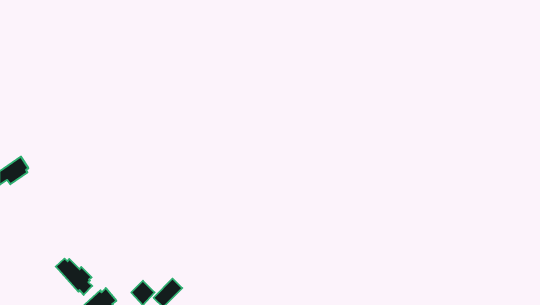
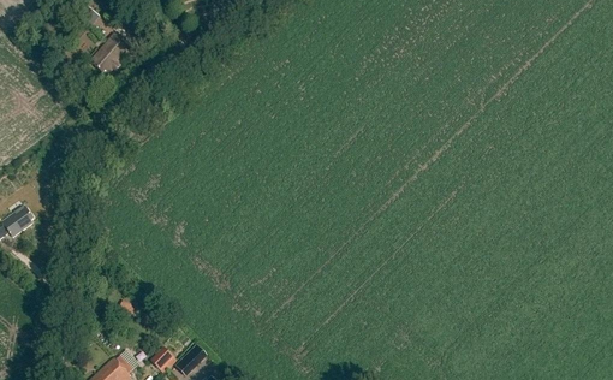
building: none -> [91,34,130,77]
building: [56,259,92,295] -> none

